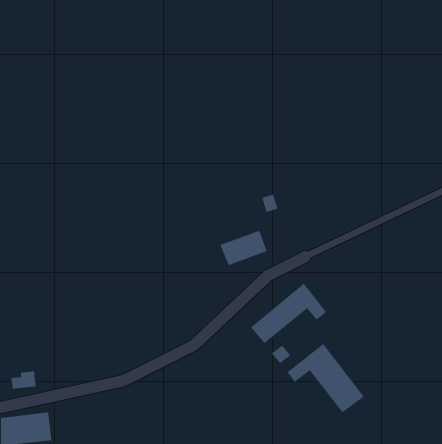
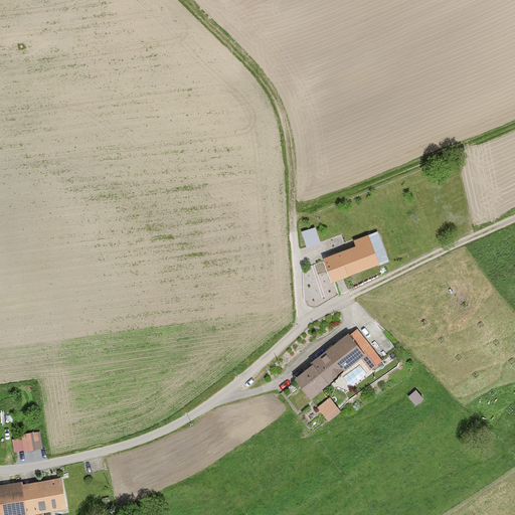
building: [220,230,268,266] -> [321,243,376,285]
building: [287,343,364,413] -> none

